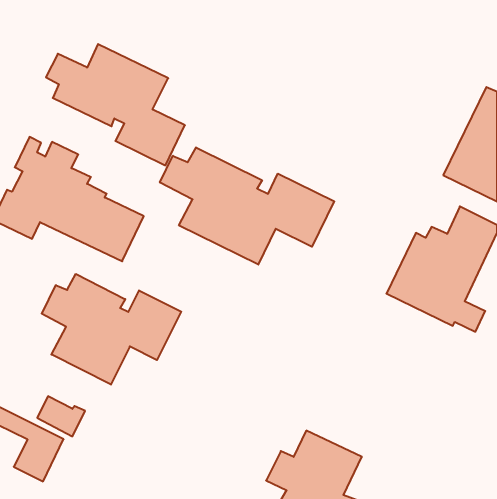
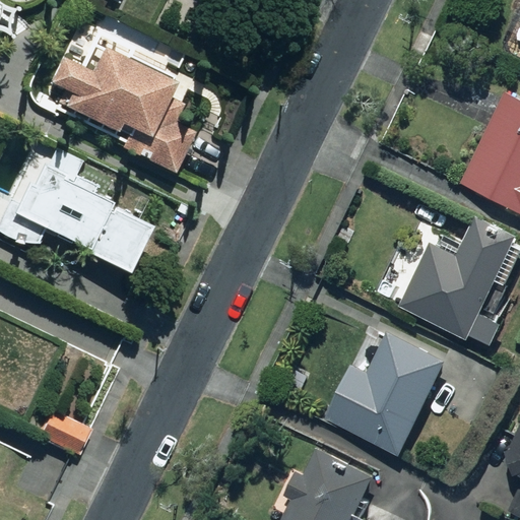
building: [160,147,334,265] -> none
building: [42,274,181,385] -> none
building: none -> [341,332,449,456]

